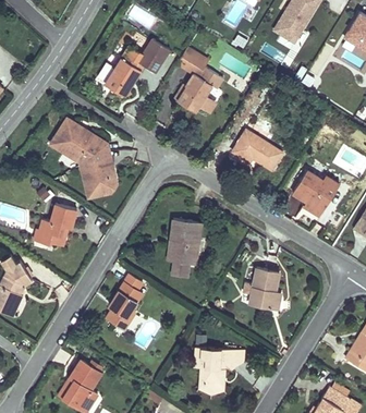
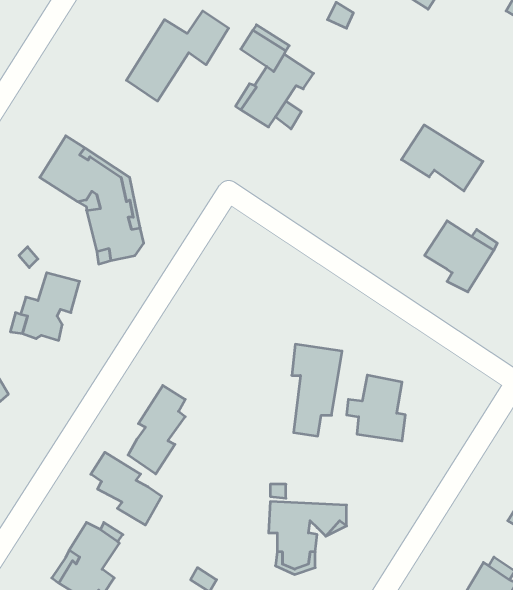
building: [232,130,283,171] -> [401,125,483,191]
building: [171,219,203,277] -> [292,344,342,436]
building: none -> [91,452,162,525]

